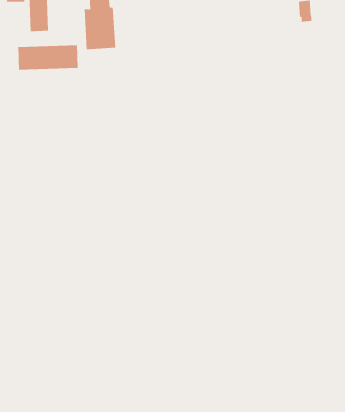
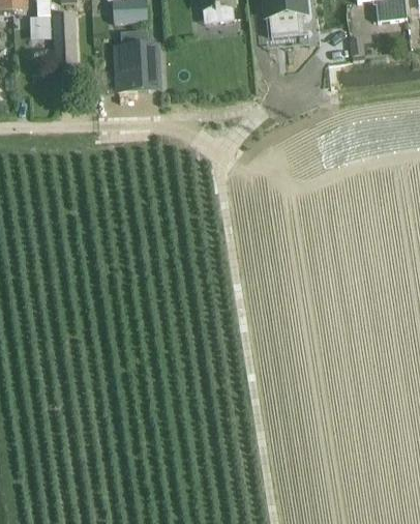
building: [18,44,78,71] -> none

